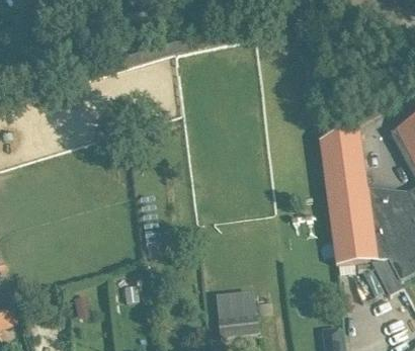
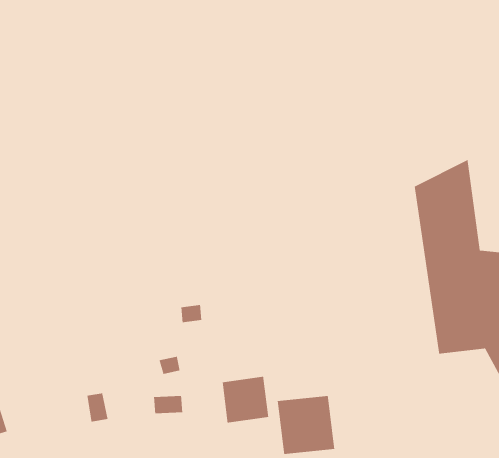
building: none -> [222,376,269,423]

